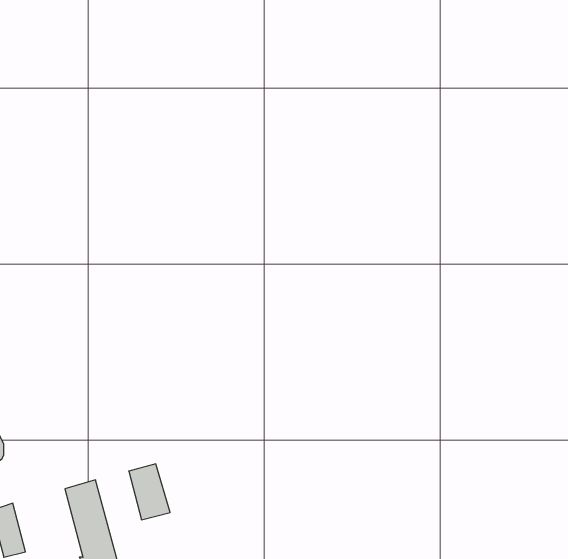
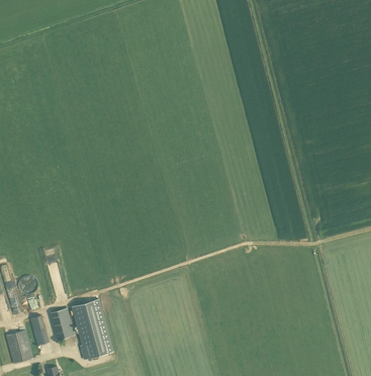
building: [129,464,170,520] -> [52,307,75,339]

